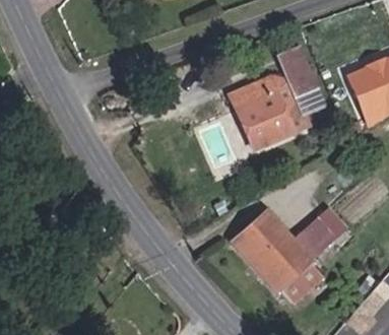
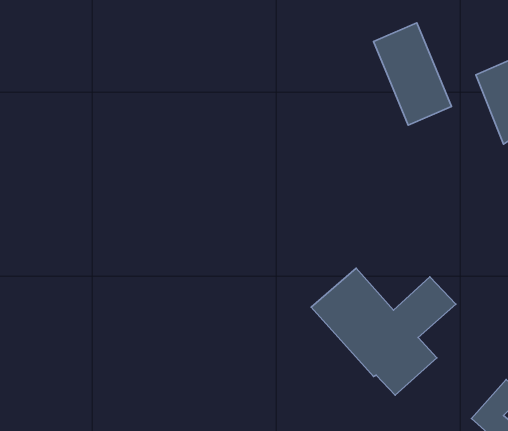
building: [231,76,307,149] -> none

